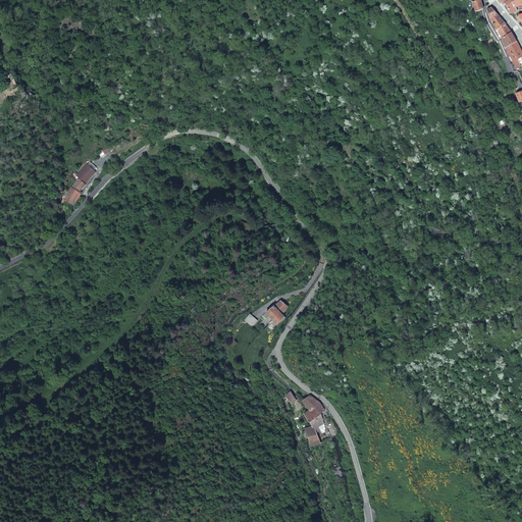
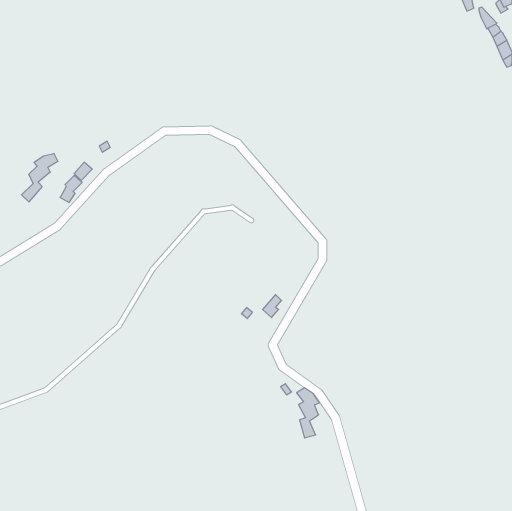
building: none -> [21,153,58,202]

